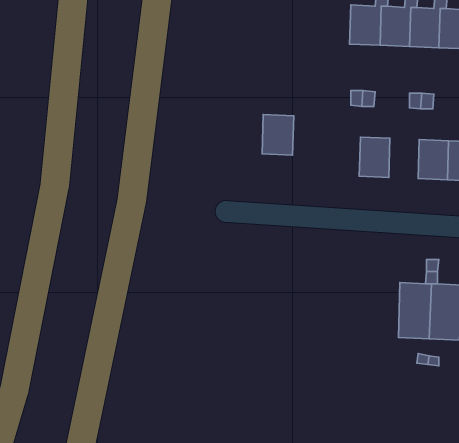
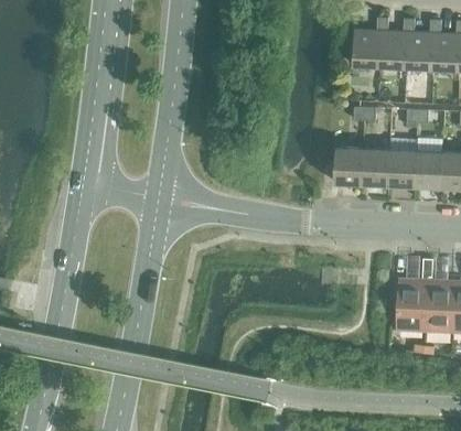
building: [262,115,294,155] -> [334,148,363,184]
building: none -> [388,150,416,186]

